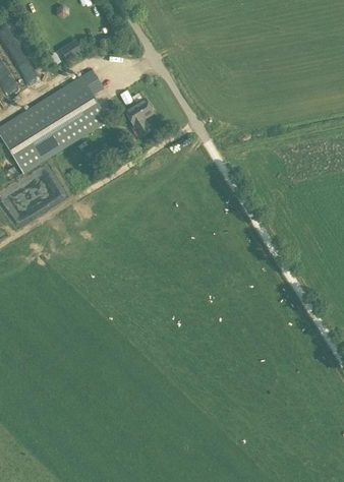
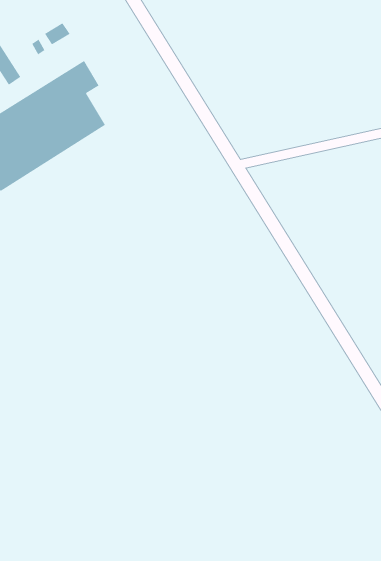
building: [125,98,153,136] -> none

